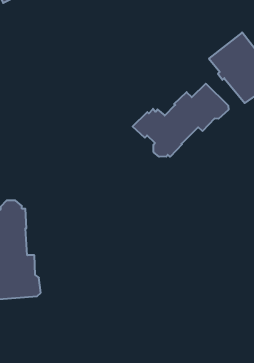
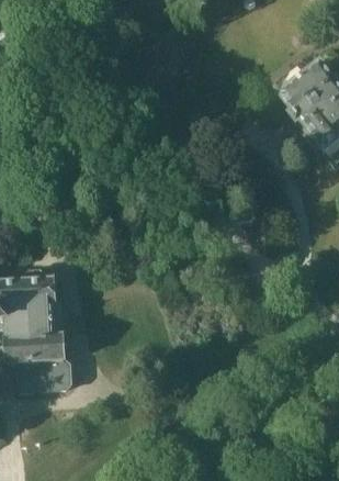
building: [133,84,228,157] -> none

